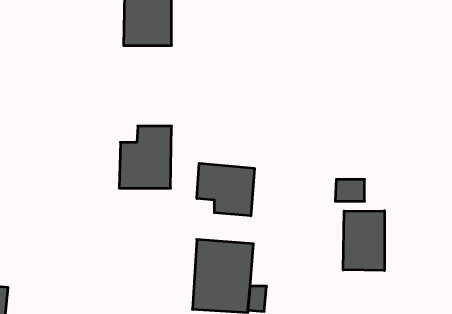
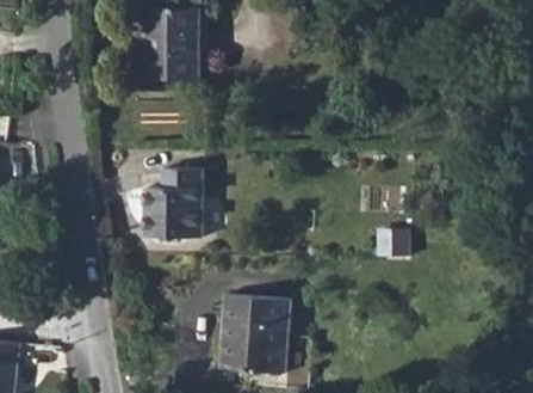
building: [197,163,254,216] -> none
building: [343,211,384,271] -> none

